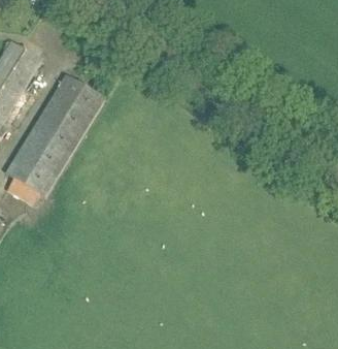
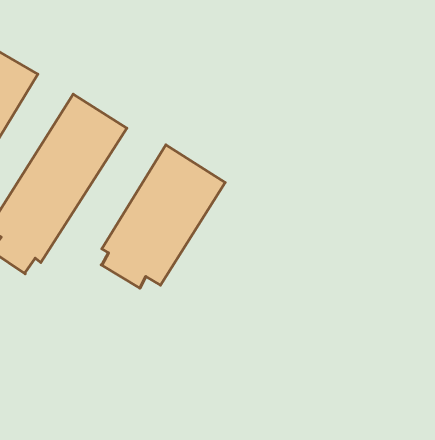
building: none -> [101,145,225,288]

